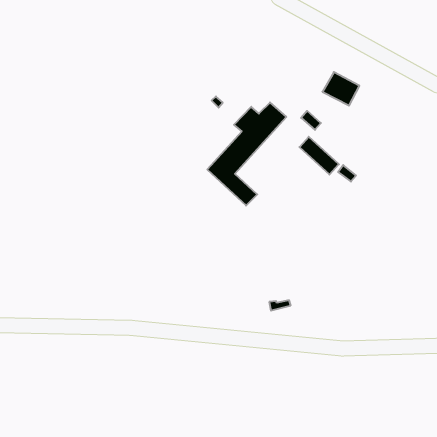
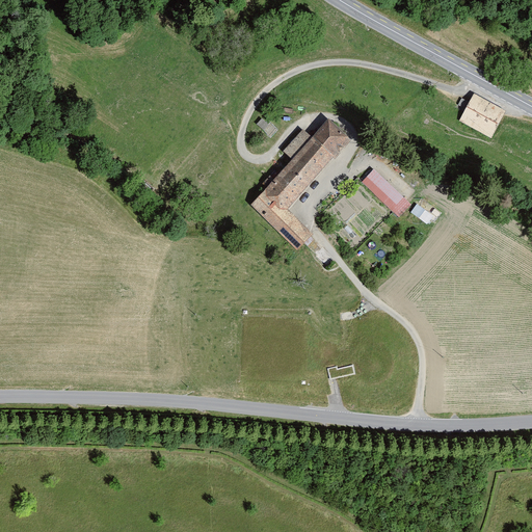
building: [322,72,359,106] -> [457,95,502,135]

